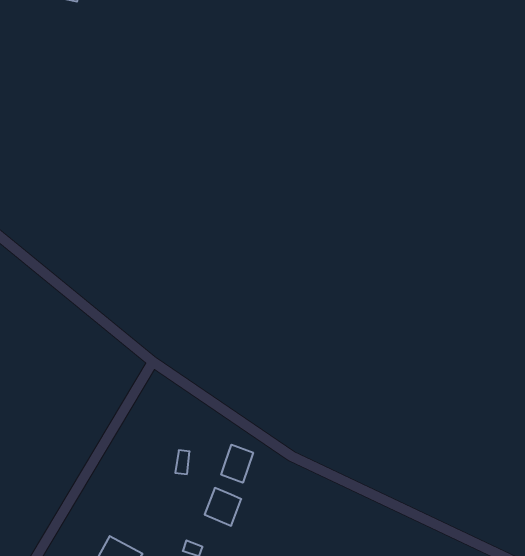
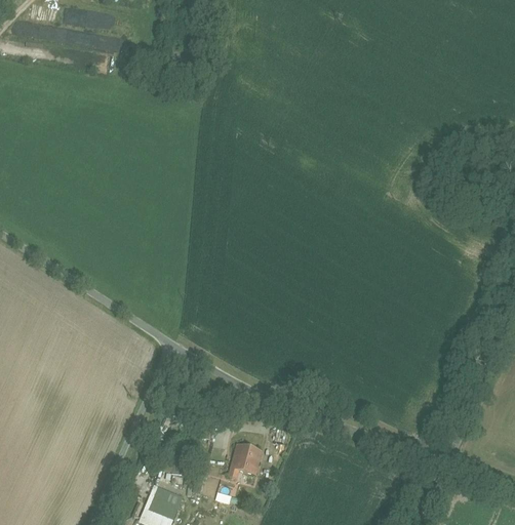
building: [221,445,253,483] -> none

